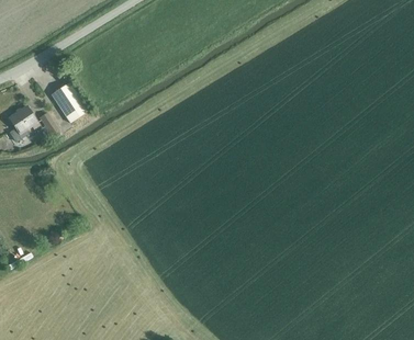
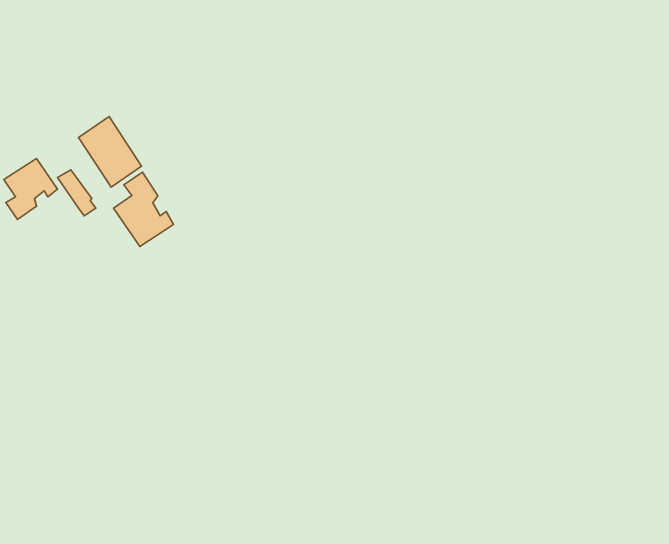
building: none -> [113,172,174,246]

